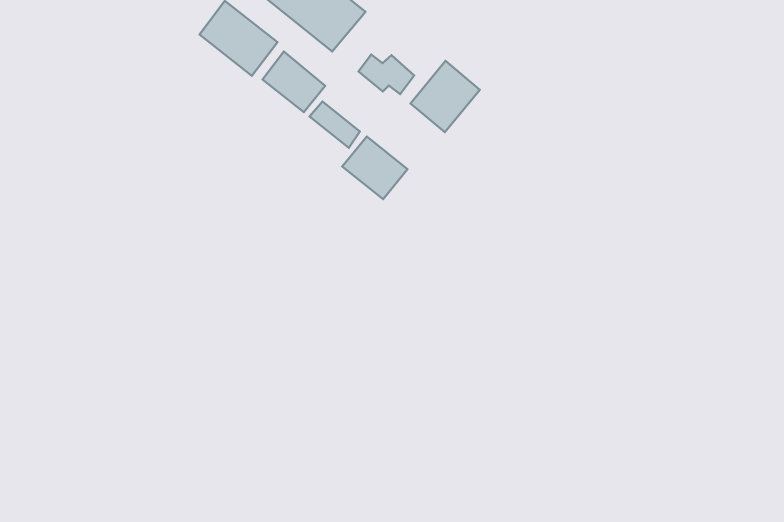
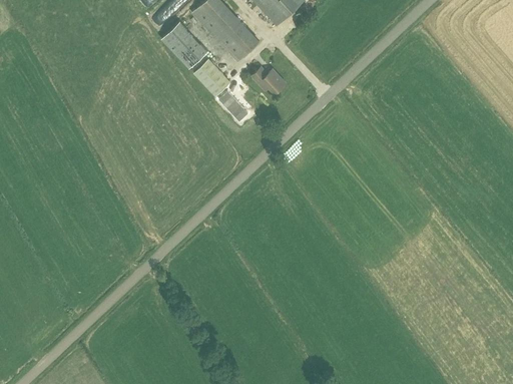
building: [410,61,480,132] -> none
building: [342,137,408,199] -> none

